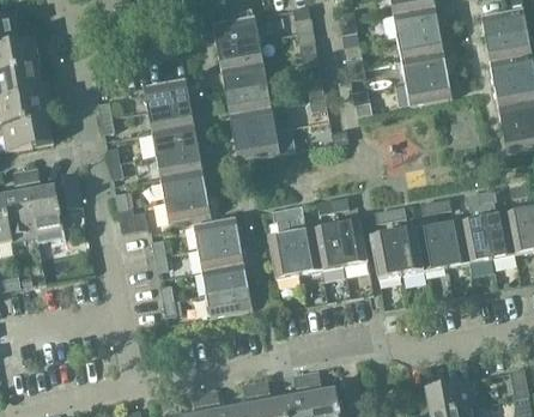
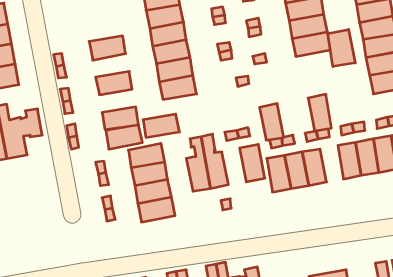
building: none -> [328,29,355,67]
building: [147,102,194,132] -> none
building: [156,147,202,177] -> [143,114,180,137]
building: [438,219,468,266] -> [308,94,331,131]
building: [312,223,344,270] -> [260,104,284,140]

